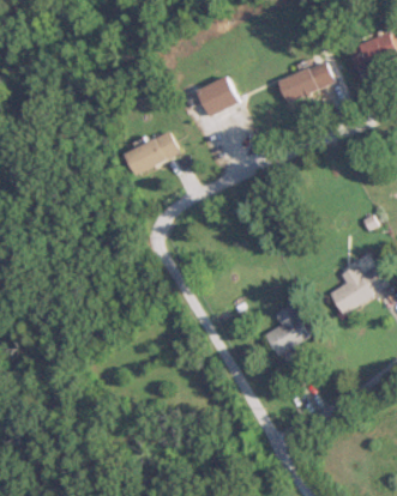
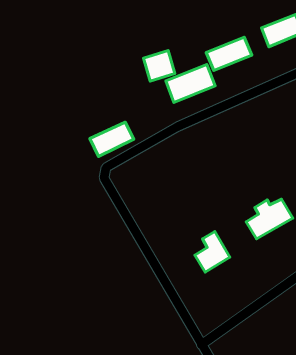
building: none -> [166,64,215,102]
building: [124,132,179,175] -> [90,122,134,156]

